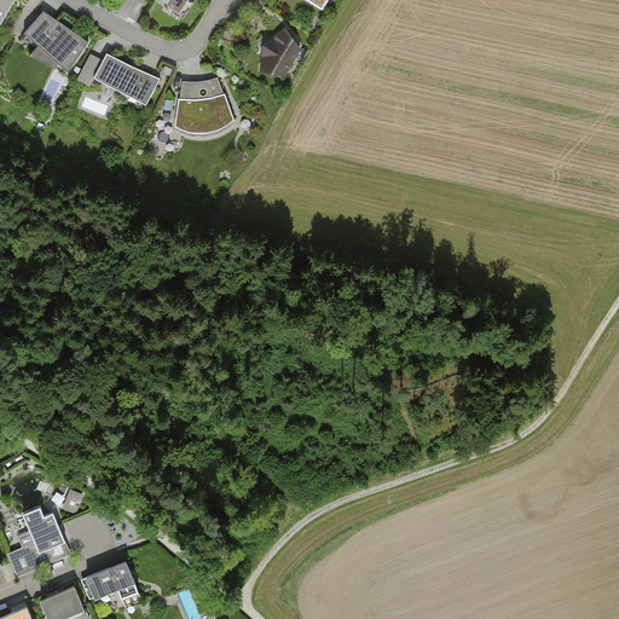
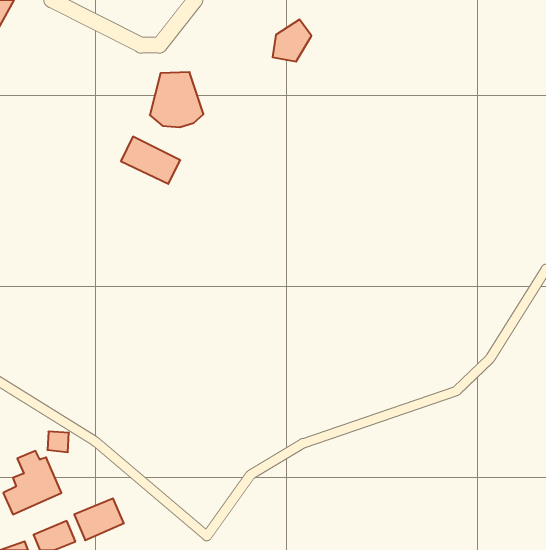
building: [25,13,86,70] -> none
building: [255,29,299,76] -> [273,20,311,62]
building: [92,53,158,106] -> [121,137,180,184]

